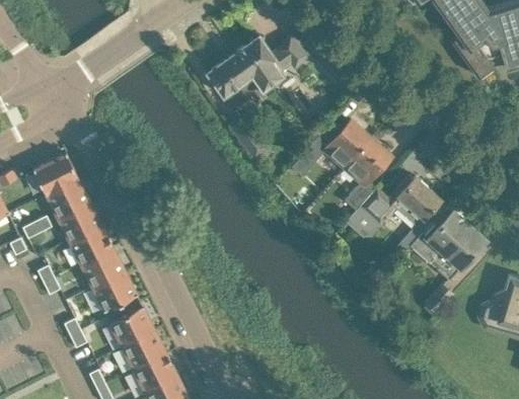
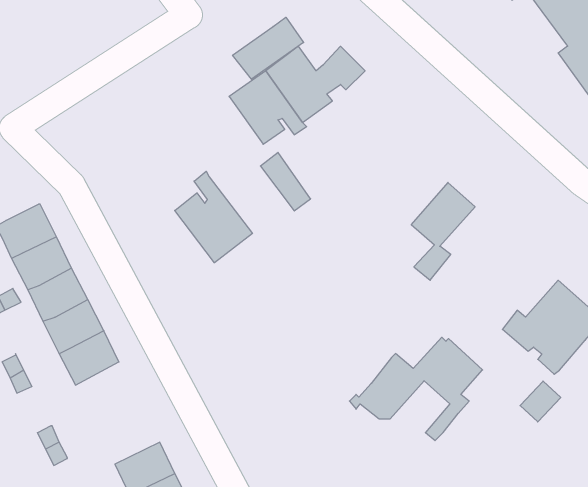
building: none -> [233,17,304,79]
building: [293,121,370,174] -> none
building: none -> [175,171,252,263]
building: [341,176,440,253] -> [349,337,483,441]
building: [92,271,137,312] -> none
building: [109,307,155,347] -> none

